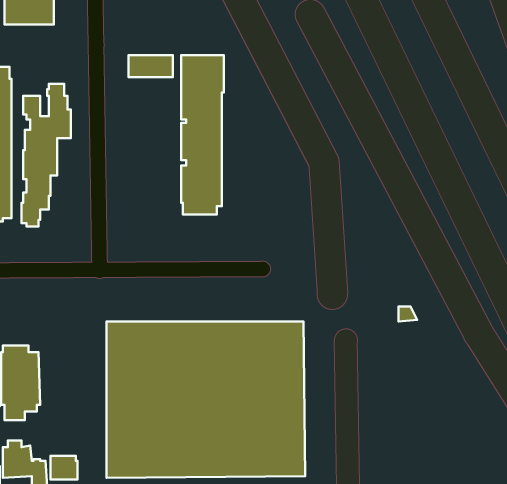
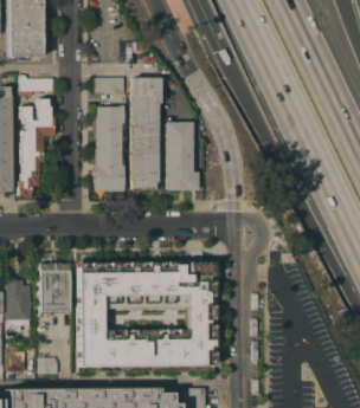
building: none -> [21,73,56,95]
building: none -> [95,104,126,190]
building: none -> [167,121,199,189]
building: none -> [39,261,71,316]

